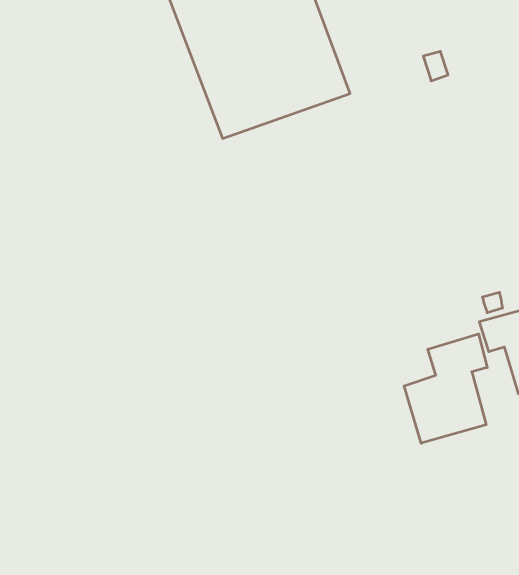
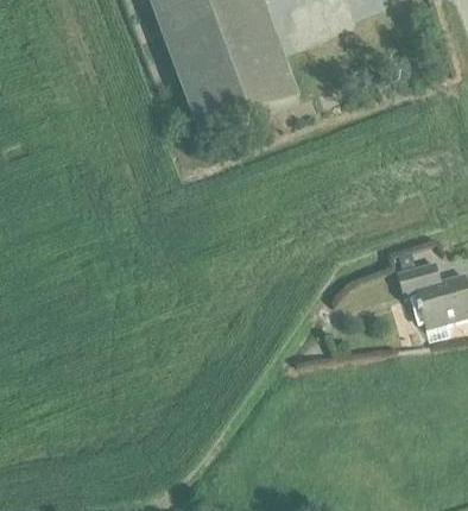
building: [404,334,487,443] -> none

